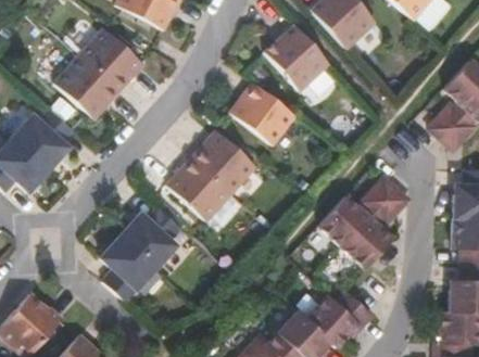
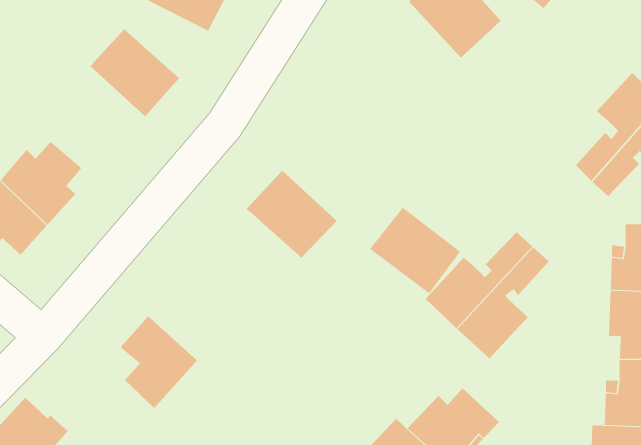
building: [264,22,330,90] -> none
building: [53,54,118,118] -> none
building: [229,81,295,144] -> [369,207,461,294]
building: [166,157,231,221] -> none
building: [121,206,180,267] -> none

